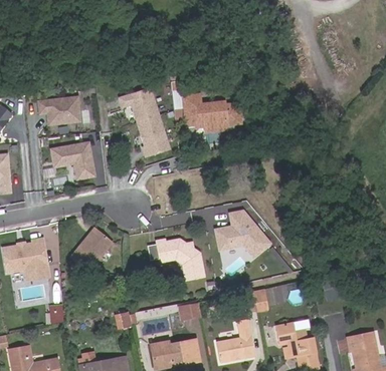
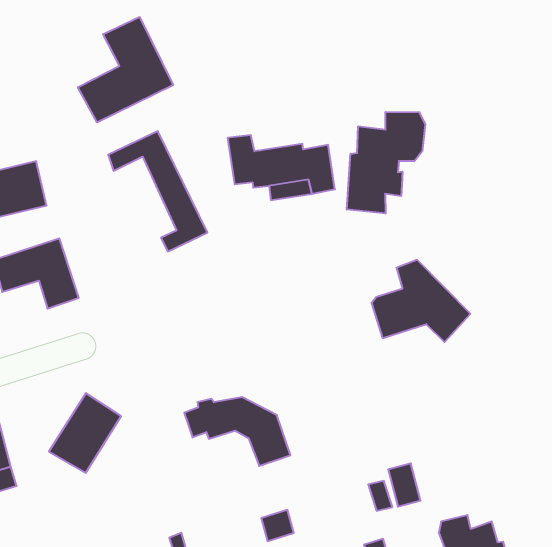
building: none -> [78,17,173,122]
building: none -> [347,112,425,214]
building: [213,210,267,257] -> [371,260,470,342]

